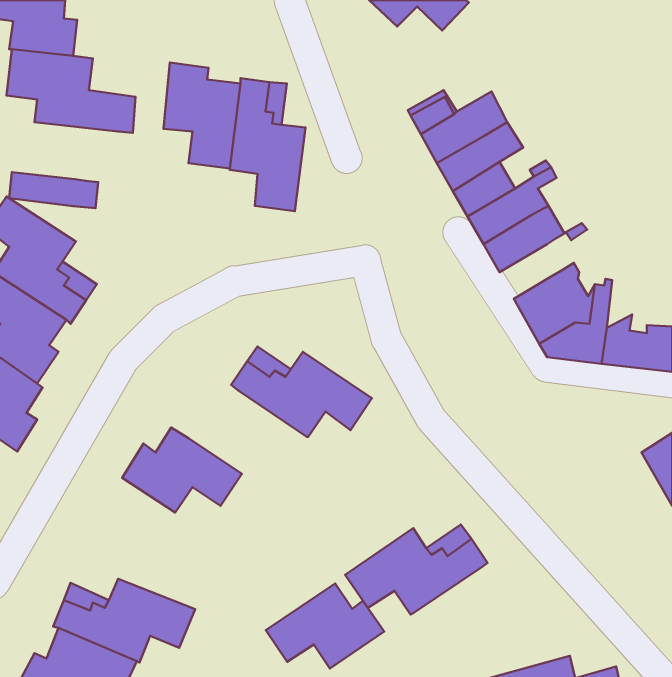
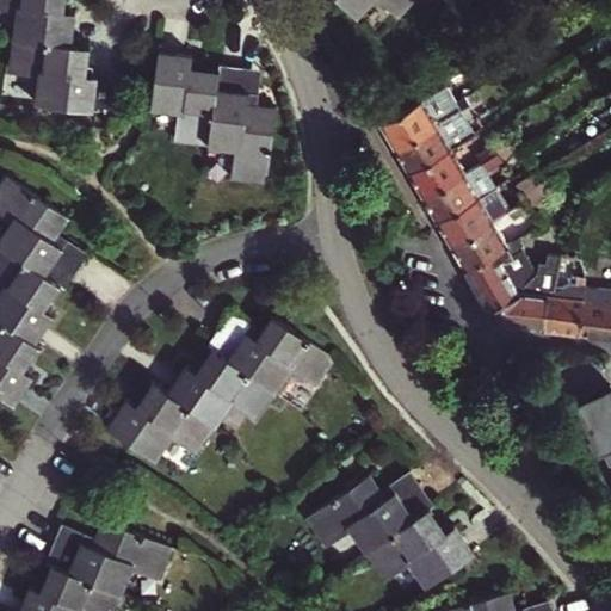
building: [9,172,98,208] -> none
building: none -> [449,221,506,270]
building: none -> [169,352,276,427]
building: [266,584,384,669] -> [371,511,477,587]

